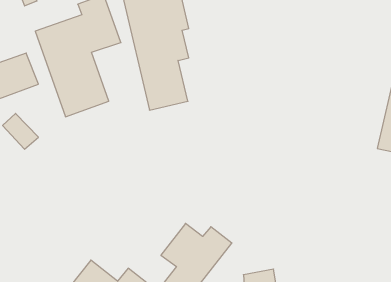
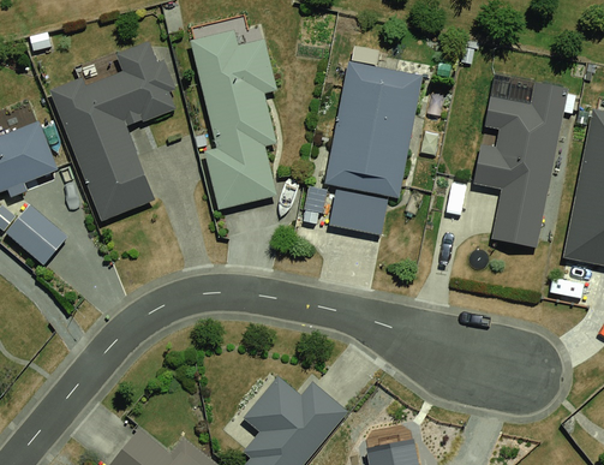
building: none -> [319,58,426,236]
building: none -> [473,79,569,248]

